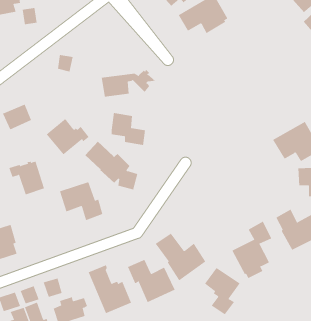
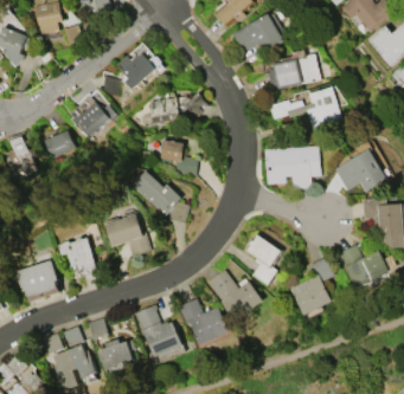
building: none -> [116,52,165,89]
building: none -> [268,53,321,90]
building: none -> [271,88,344,134]
building: none -> [265,146,321,189]
building: [46,118,90,155] -> [69,96,116,136]
building: [9,161,45,195] -> [57,238,96,274]
building: [204,267,240,315] -> [245,233,284,285]

